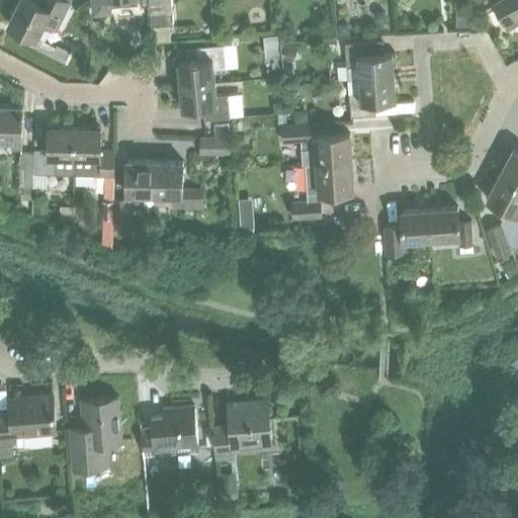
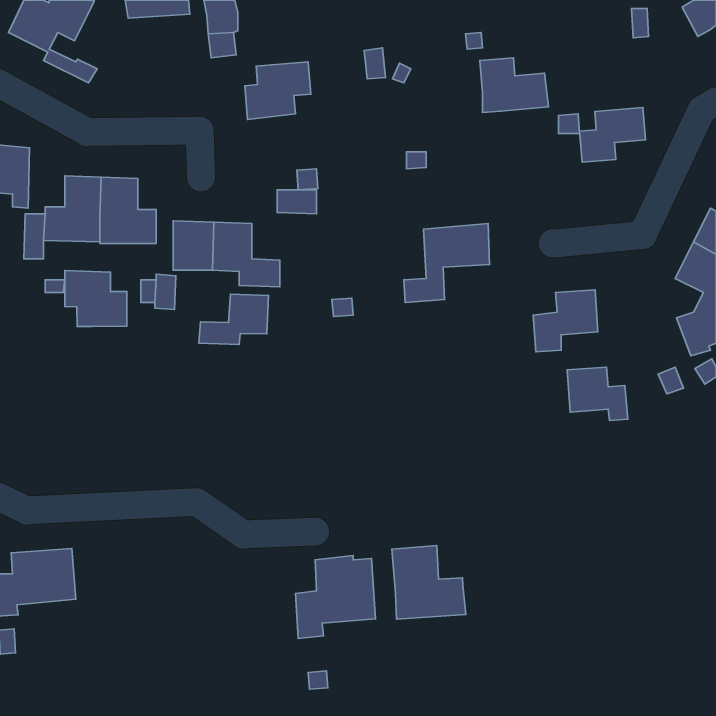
building: [349,79,397,118] -> [579,107,645,162]
building: [178,84,228,121] -> none
building: [280,125,351,167] -> none
building: none -> [65,270,127,327]
building: [428,208,471,247] -> [567,367,628,421]
building: none -> [199,294,268,345]
building: none -> [392,545,466,619]
building: [68,399,121,471] -> none
building: [140,407,197,460] -> none

